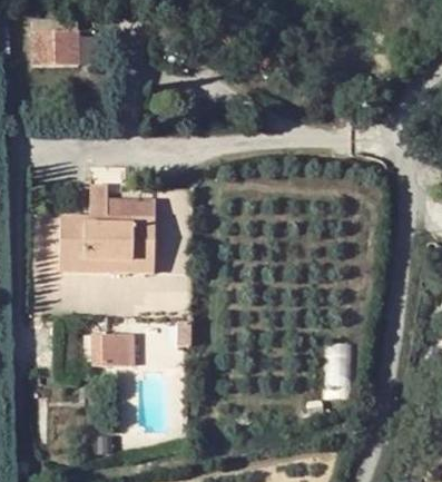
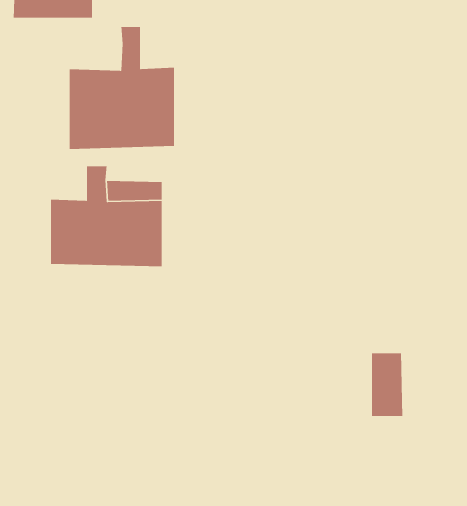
building: none -> [69,26,175,150]
building: [94,332,137,364] -> none

